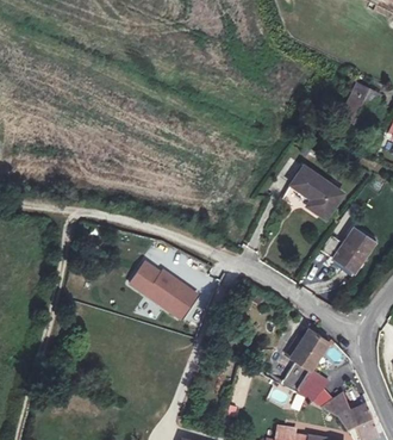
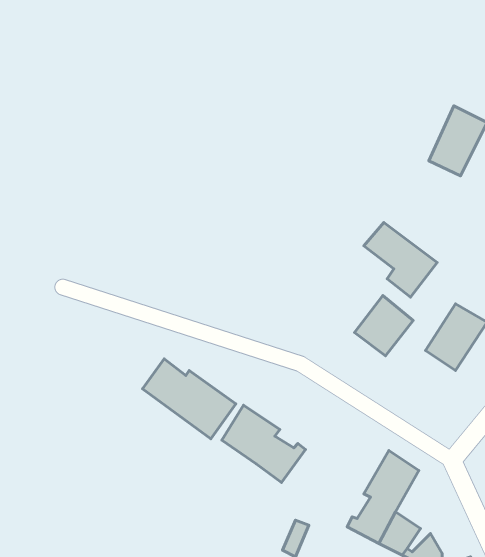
building: none -> [355,295,413,356]
building: none -> [222,405,306,483]

